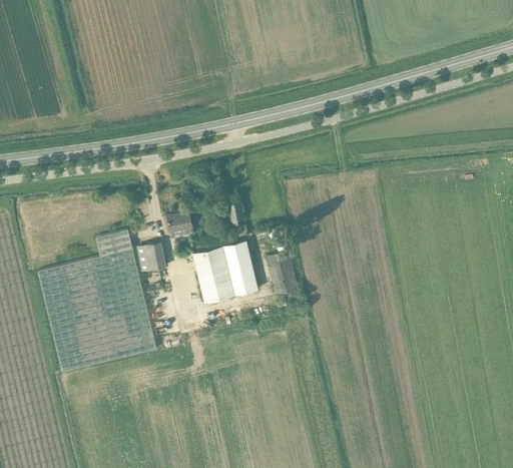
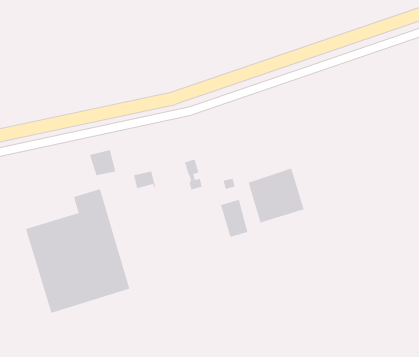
building: [193,241,258,303] -> [248,168,305,223]
building: [136,242,166,272] -> [89,149,116,176]

